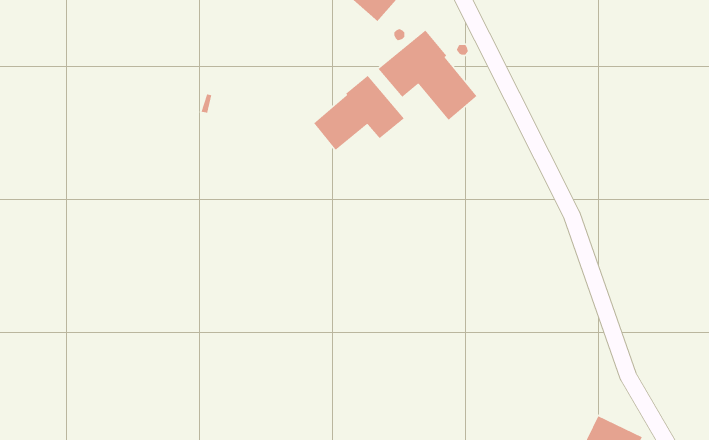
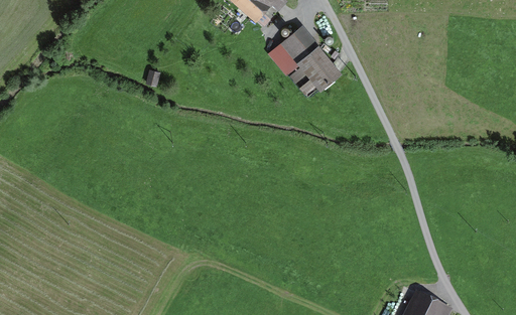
building: [313,75,405,151] -> none

